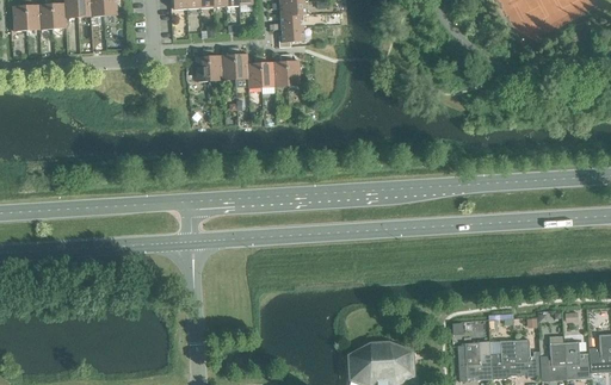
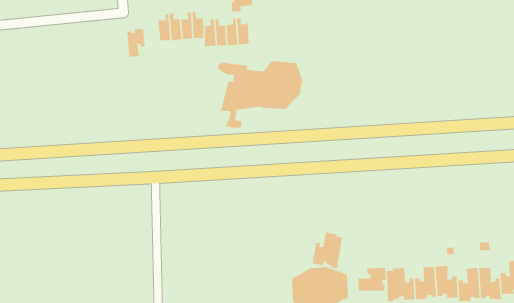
building: none -> [127,28,145,57]
building: none -> [217,61,304,129]
building: none -> [312,232,342,269]
building: none -> [357,267,387,292]

